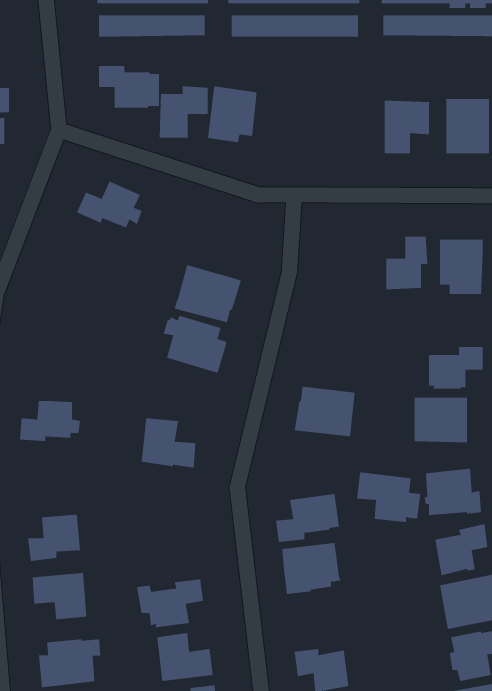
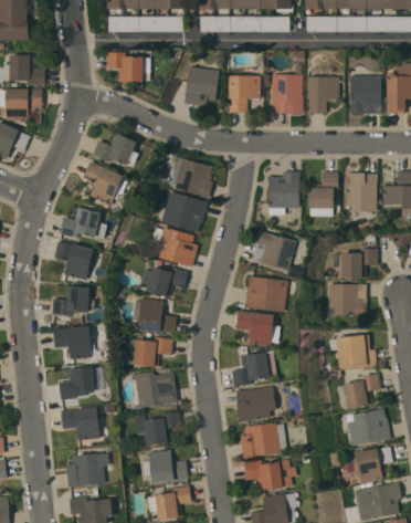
building: [159,85,208,139] -> none
building: none -> [272,74,303,114]
building: none -> [228,76,260,112]
building: none -> [173,158,213,199]
building: none -> [83,161,128,205]
building: none -> [268,172,299,208]
building: none -> [60,207,107,239]
building: none -> [251,231,296,271]
building: none -> [54,241,94,280]
building: none -> [146,268,188,297]
building: none -> [53,326,92,359]
building: [356,472,421,522] -> [235,311,281,346]
building: none -> [133,337,172,367]
building: none -> [130,372,177,408]
building: none -> [240,422,287,459]

